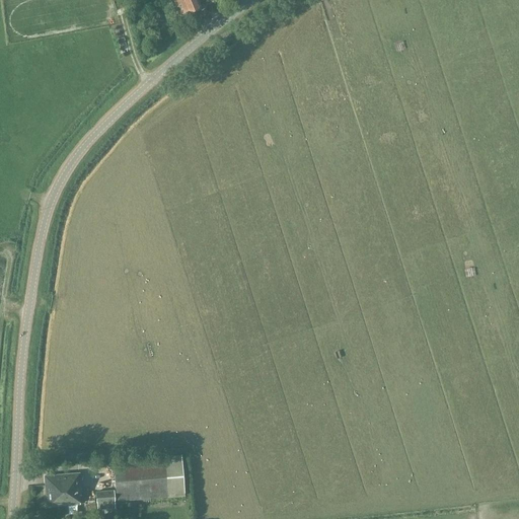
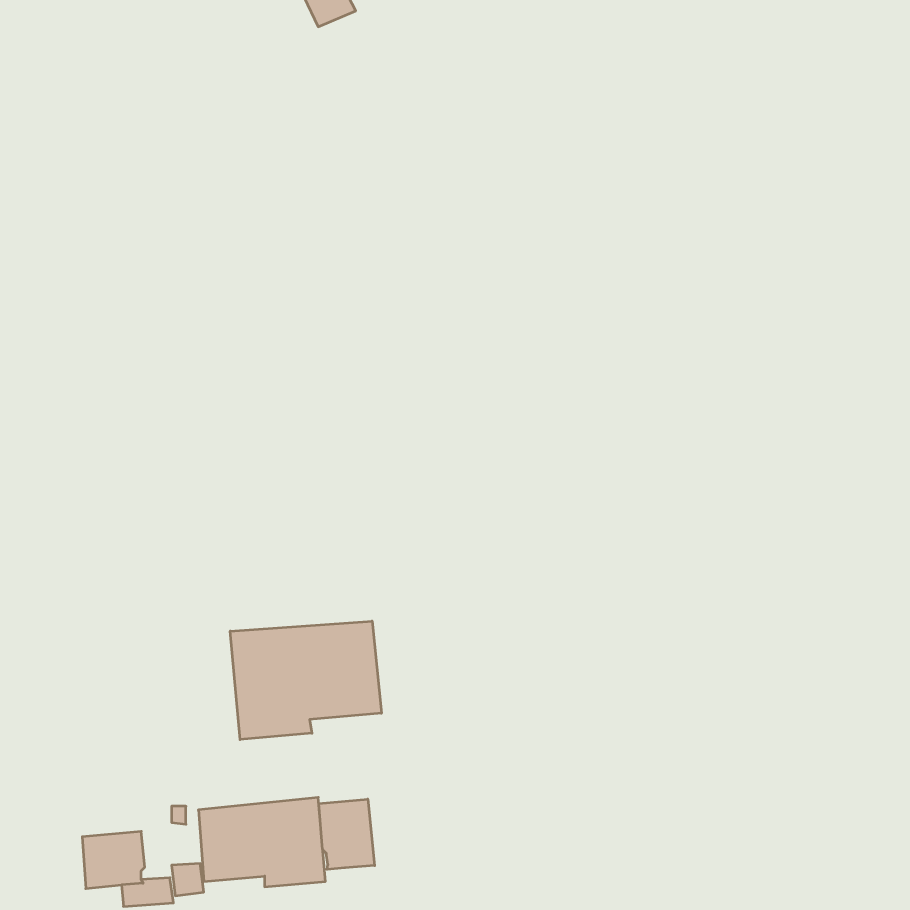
building: none -> [230,621,381,740]
building: none -> [319,799,375,869]

